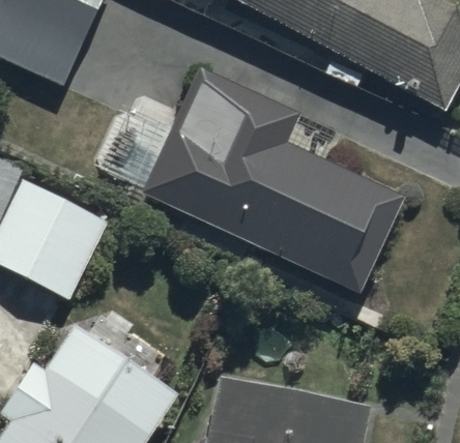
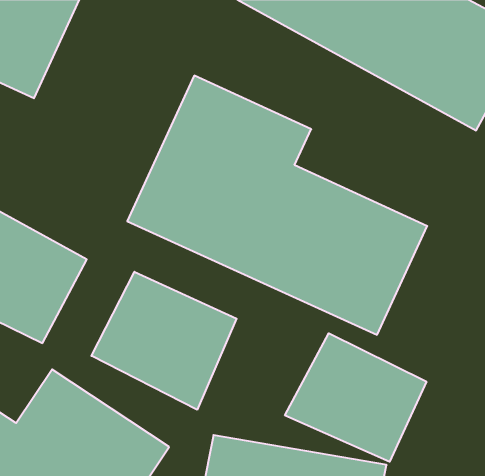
building: none -> [91,272,237,410]
building: none -> [285,333,426,462]

